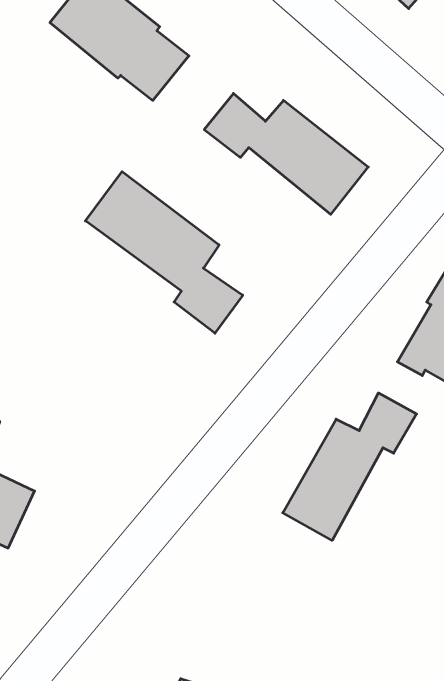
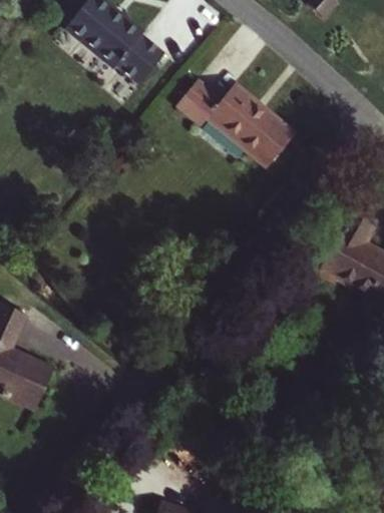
building: [85,172,243,333] -> none
building: [283,393,417,540] -> none

